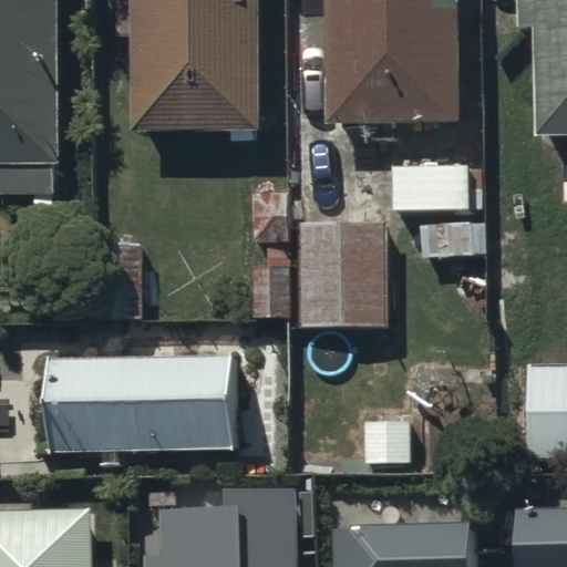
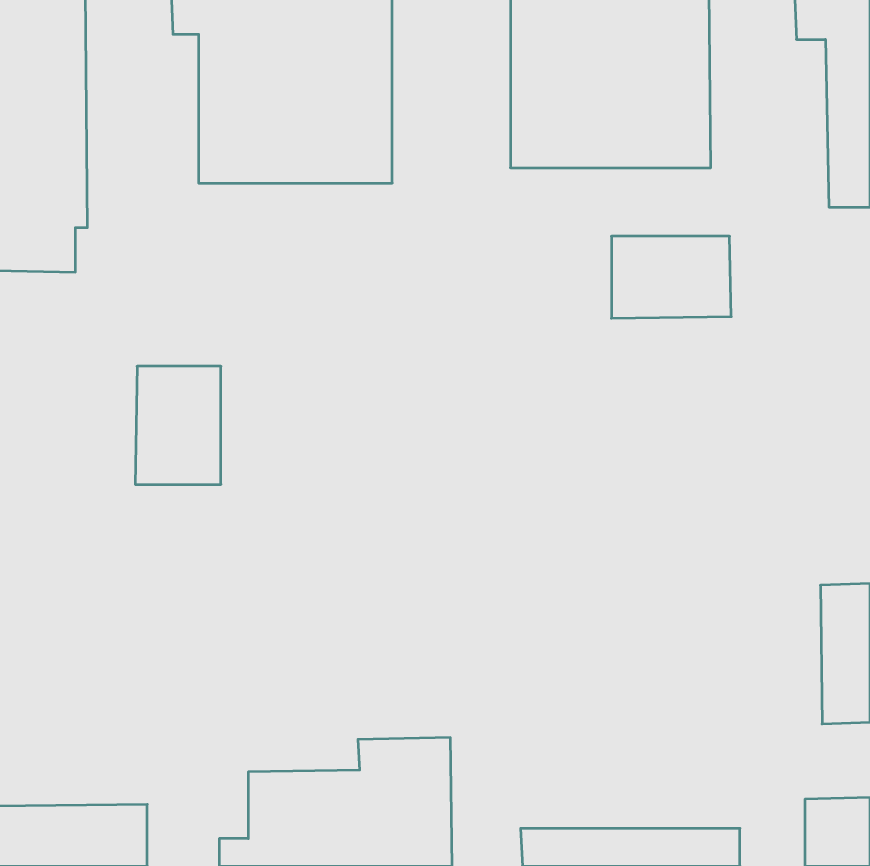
building: [297,233,386,334] -> none
building: [48,358,237,463] -> none

